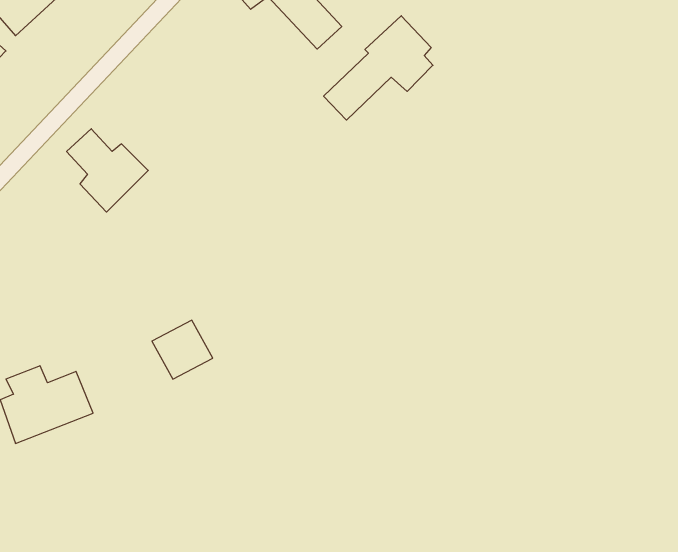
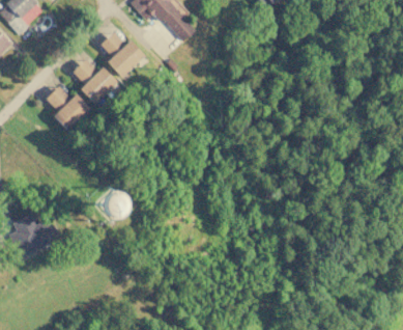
building: [324,16,433,120] -> none
building: none -> [99,31,144,76]
building: none -> [71,58,117,104]

